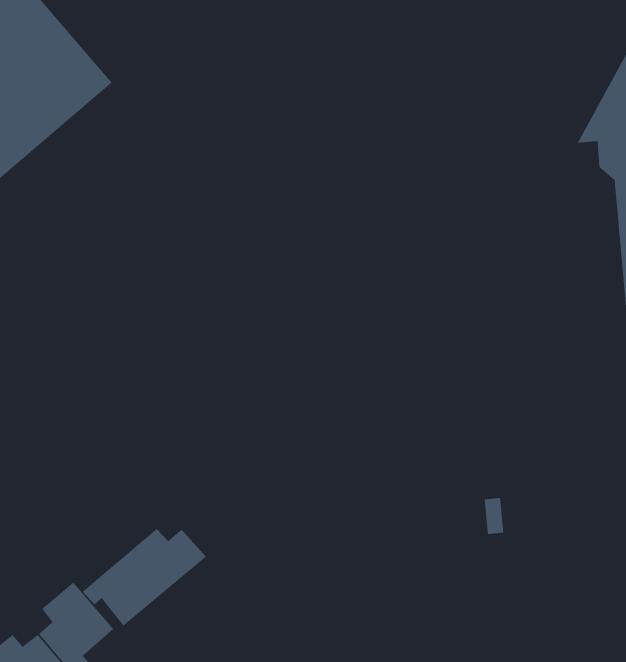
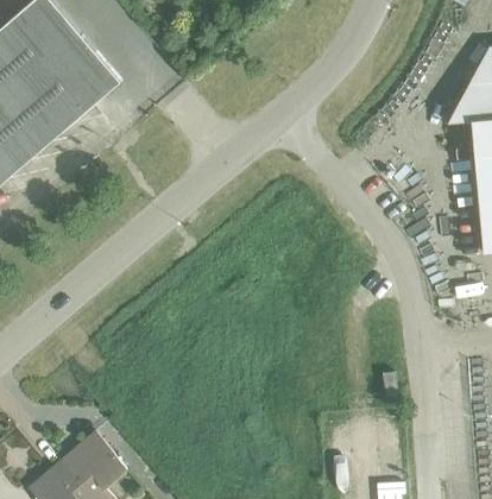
building: [82,528,207,626] -> none

